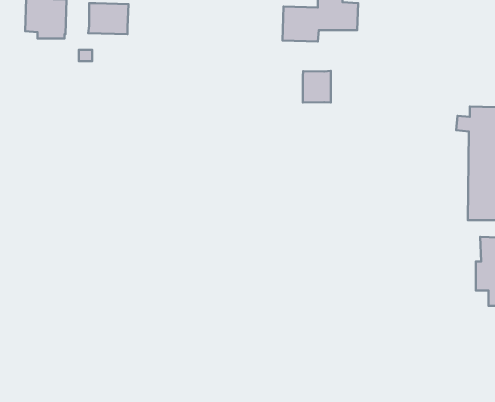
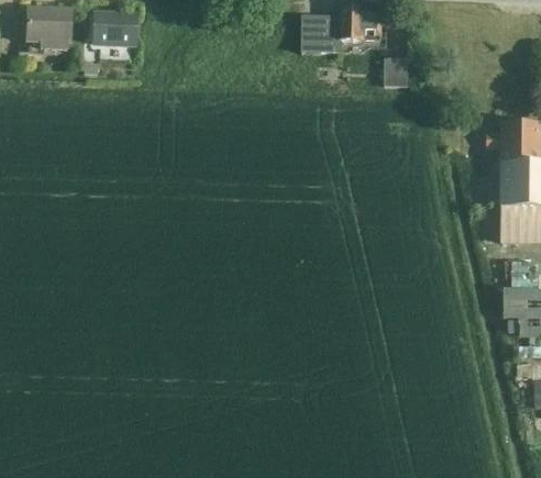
building: none -> [385,57,409,86]
building: [303,71,331,103] -> none

